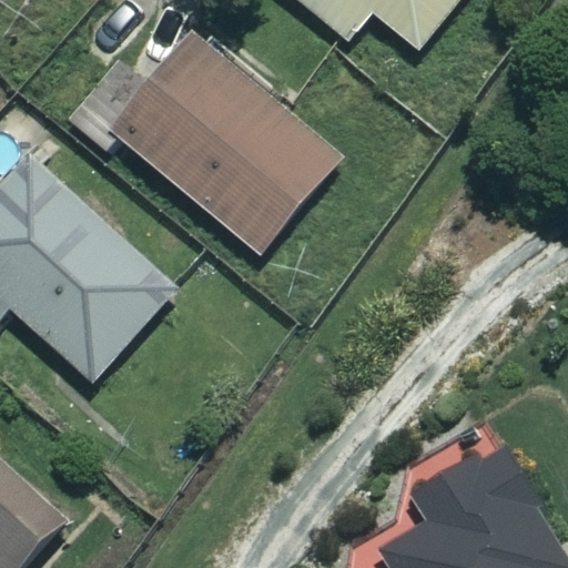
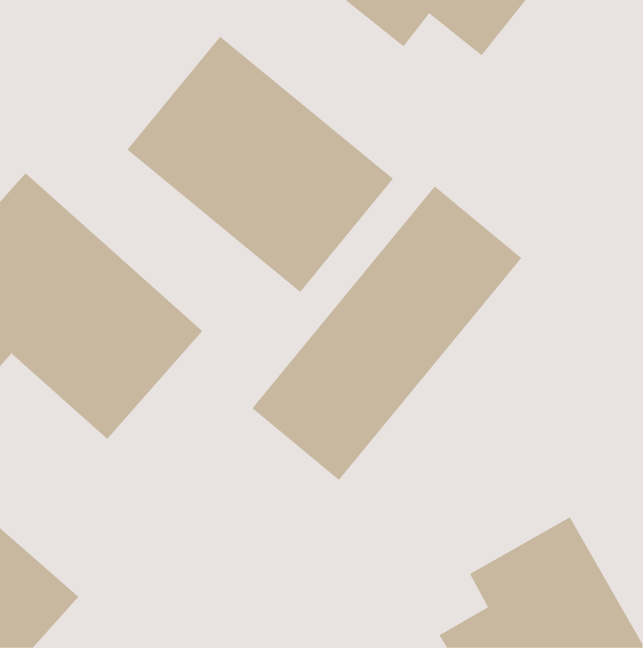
building: none -> [251,186,522,481]

